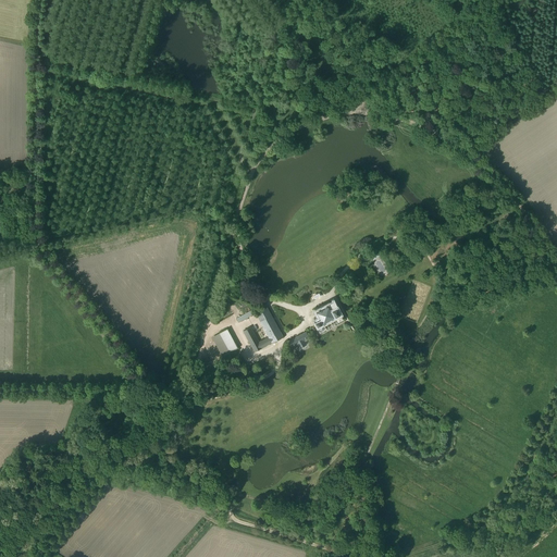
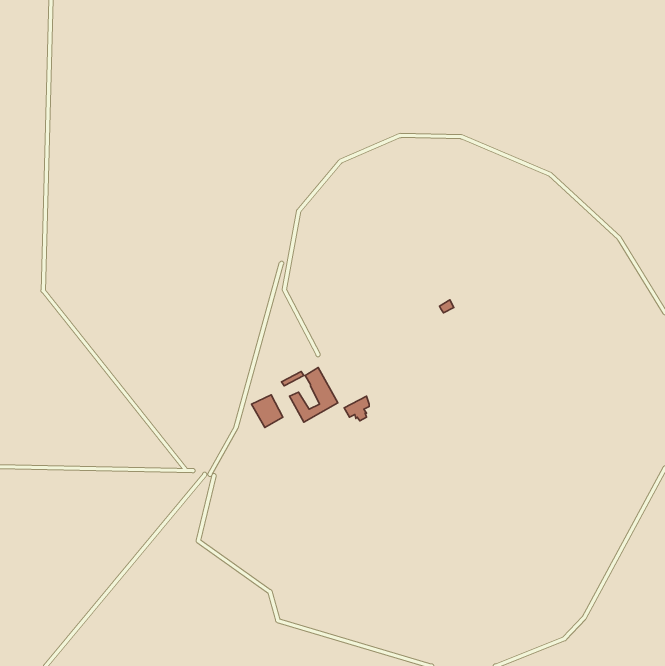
building: [312,302,343,331] -> none

